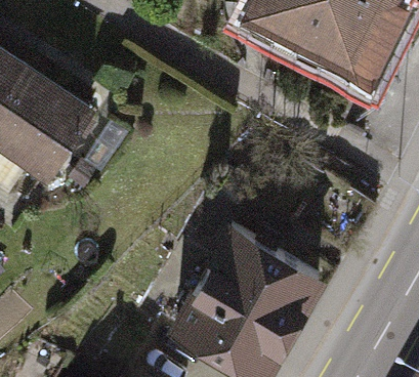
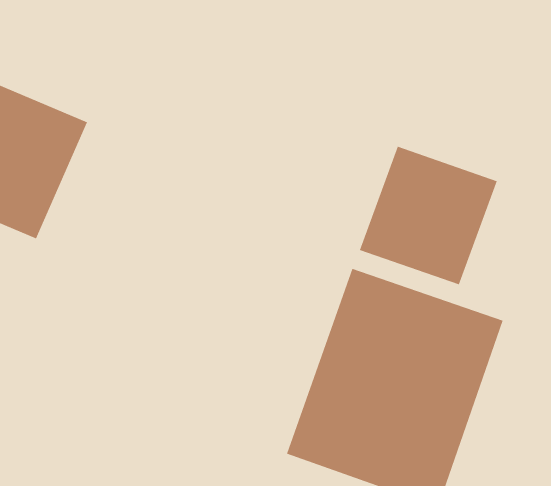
building: none -> [359,146,497,285]

